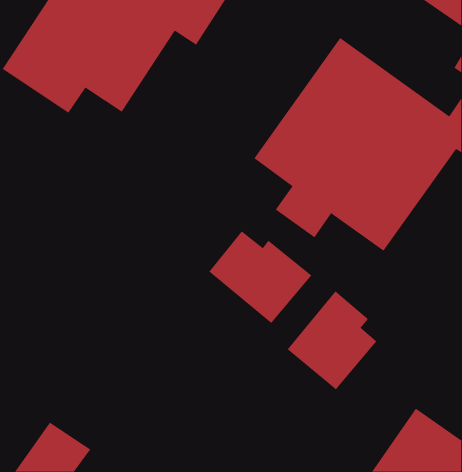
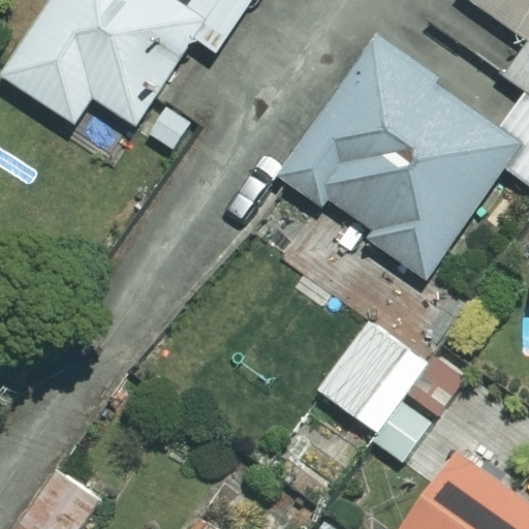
building: [208,230,312,324] -> none

